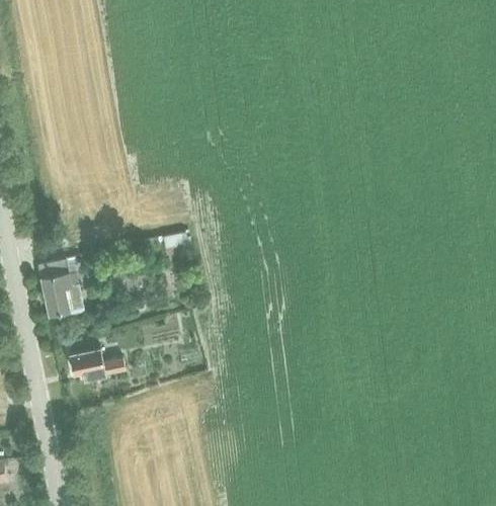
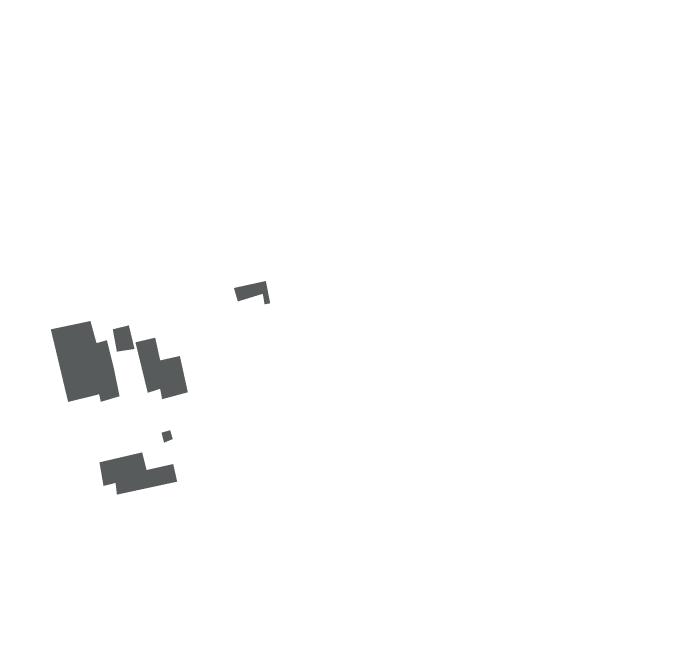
building: none -> [135,337,189,400]

